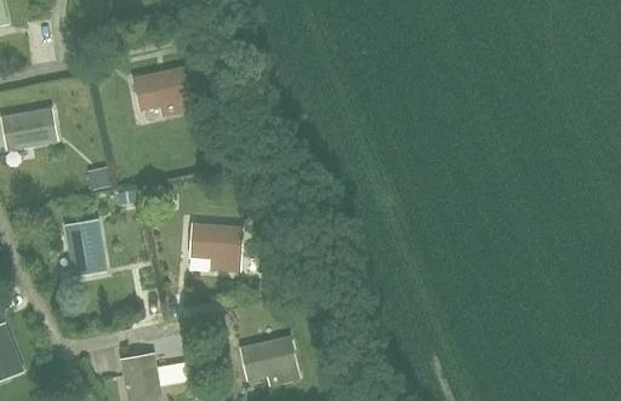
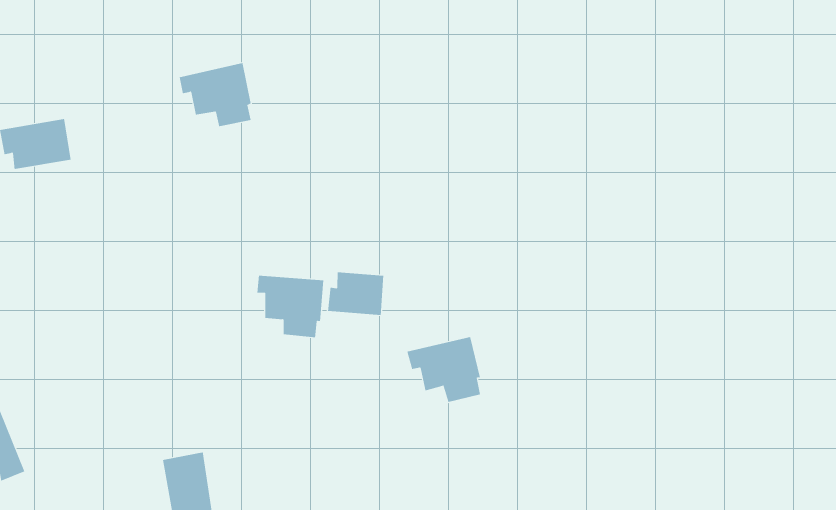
building: [67,220,104,271] -> none
building: none -> [328,271,384,316]
building: [241,337,296,385] -> [407,337,481,403]

